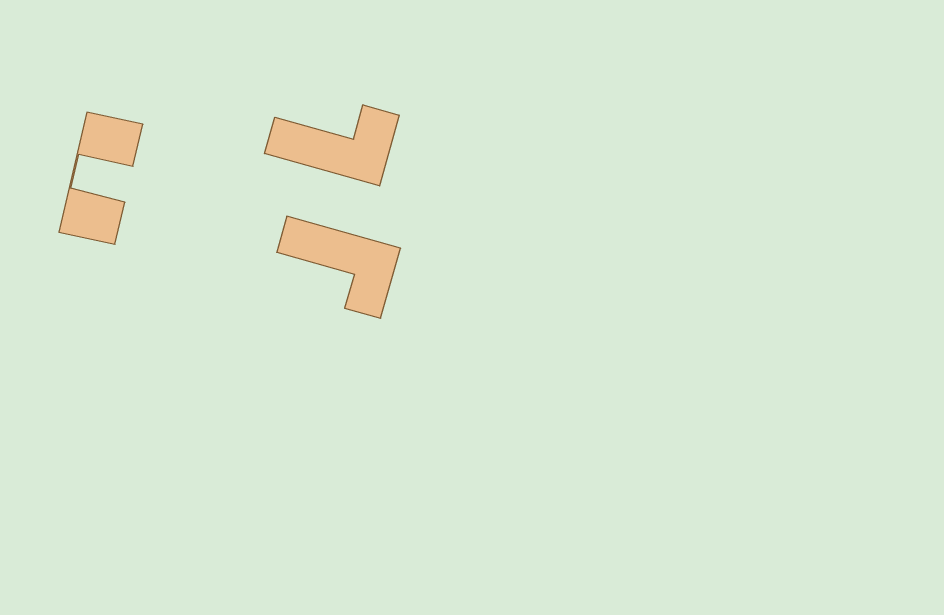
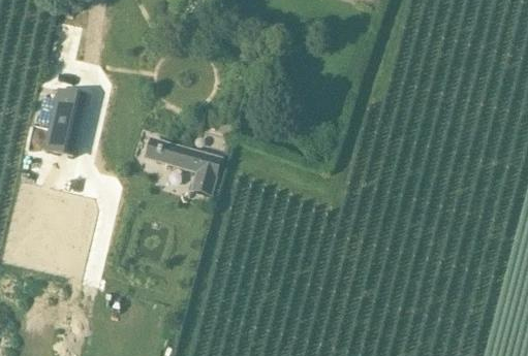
building: [265,105,399,186] -> none

